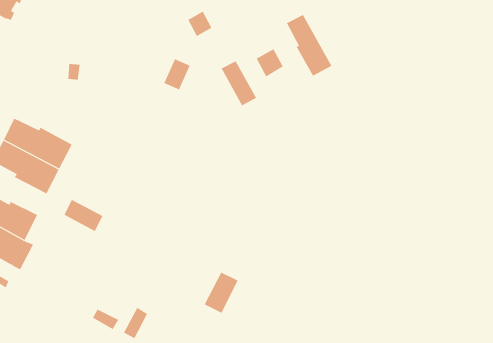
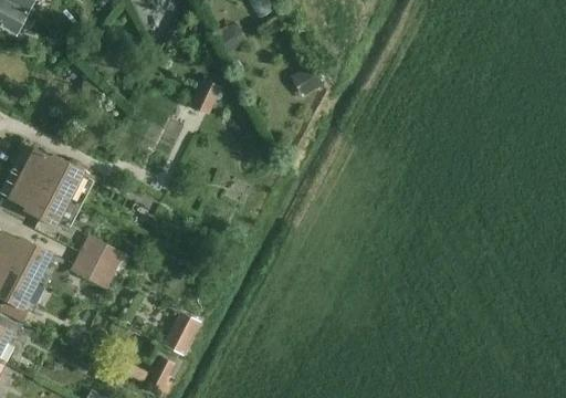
building: [286,14,332,77] -> none
building: [221,61,257,106] -> none
building: none -> [70,253,115,290]
building: [204,272,239,313] -> [161,310,200,356]

